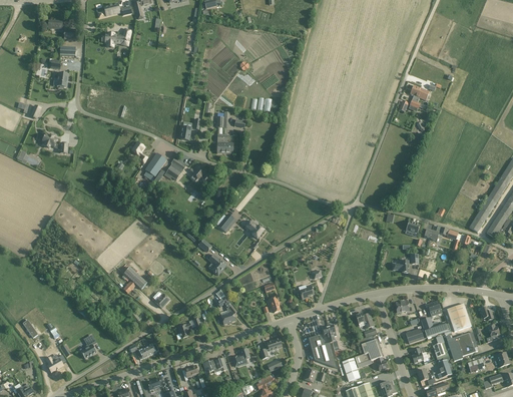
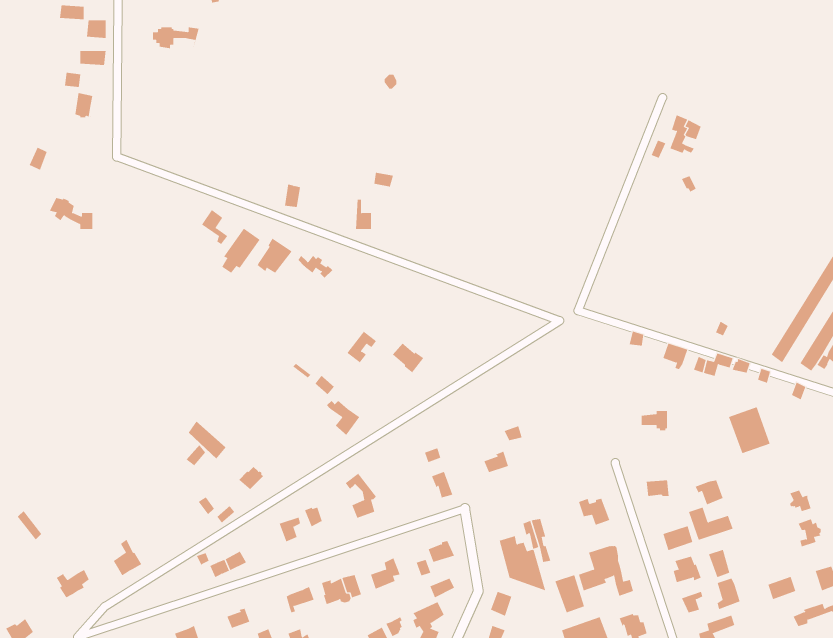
building: [446,303,471,331] -> [728,407,771,454]
building: [445,331,477,361] -> none

